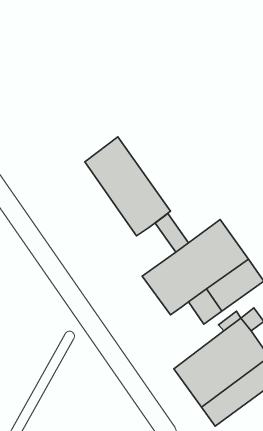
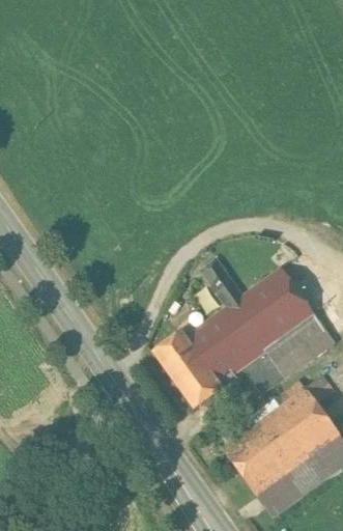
building: [85,137,170,236] -> none
building: none -> [152,330,236,408]

